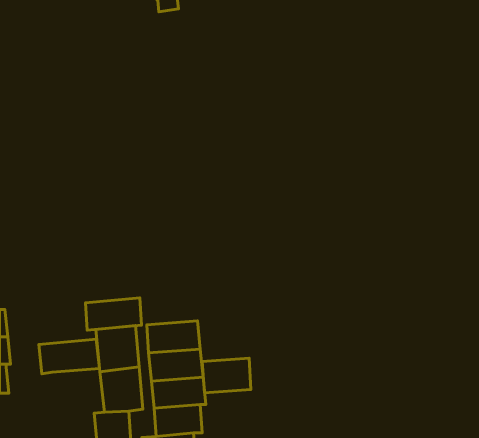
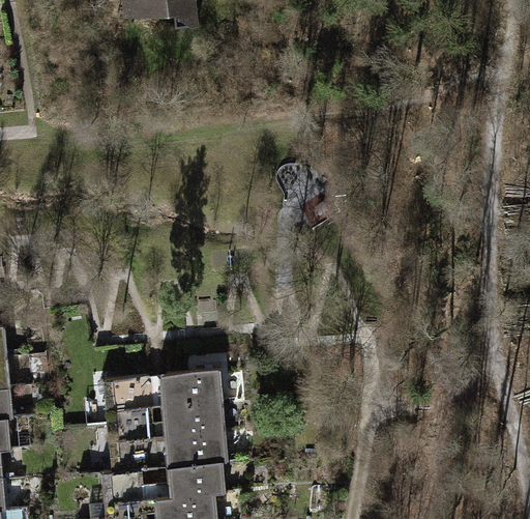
building: [86,298,141,330] -> none
building: [39,339,99,374] -> none
building: [202,358,251,393] -> none

